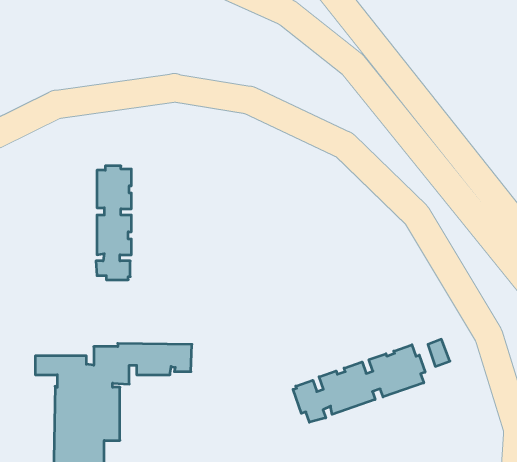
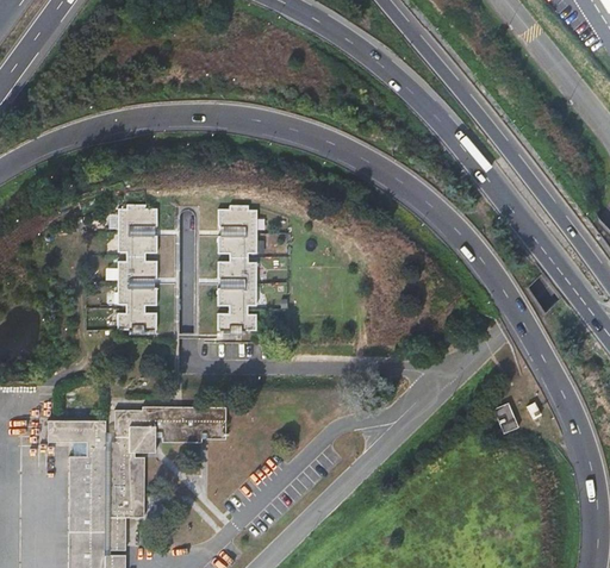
building: none -> [217,207,257,336]
building: [293,345,425,422] -> none

